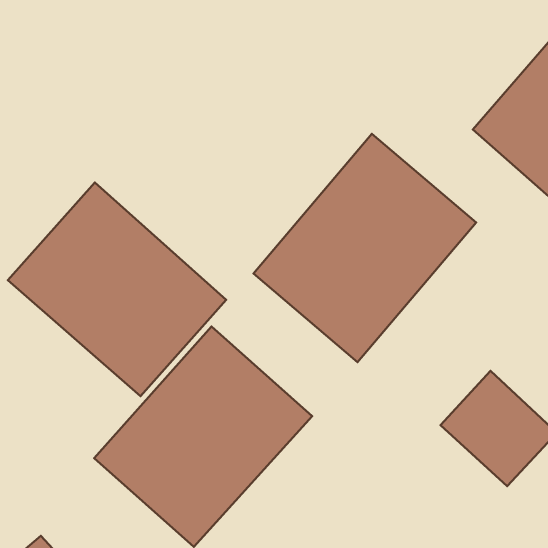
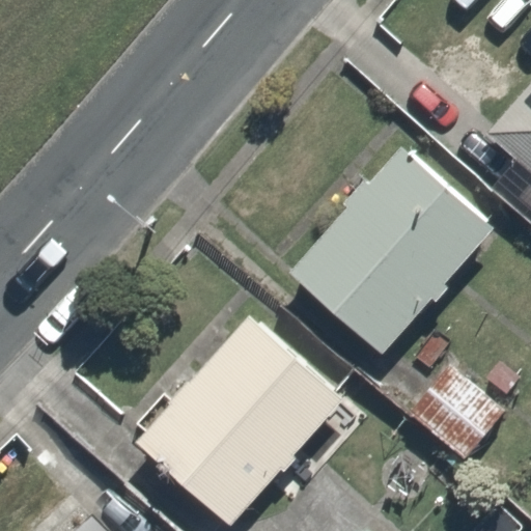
building: [8,183,226,396] -> none

